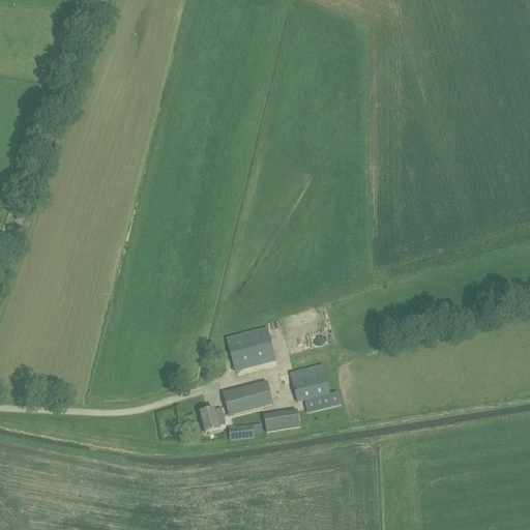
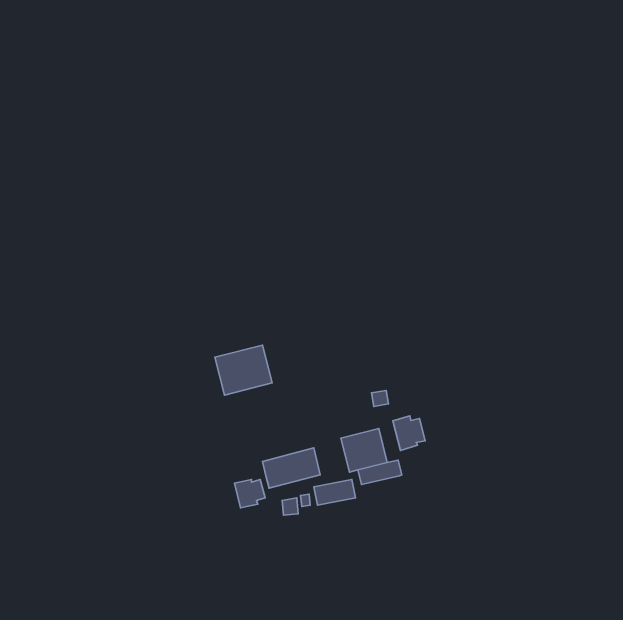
building: [226,326,274,369] -> [215,345,272,395]
building: none -> [393,416,425,450]

